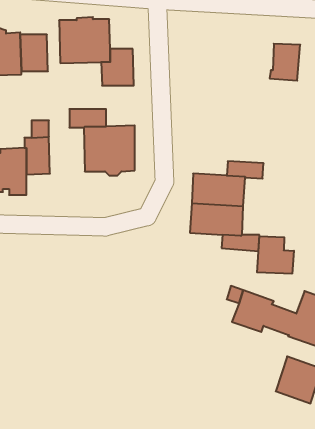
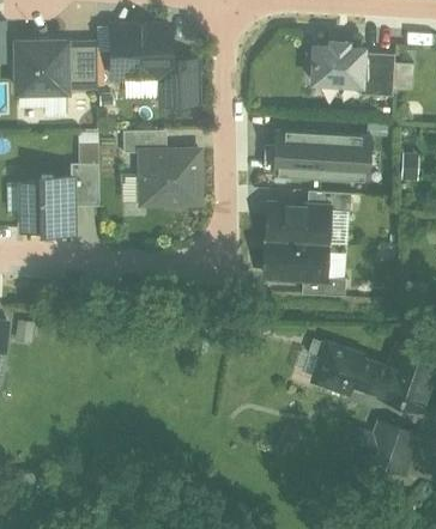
building: none -> [311,42,363,85]
building: none -> [278,132,364,178]
building: [257,236,294,274] -> none

